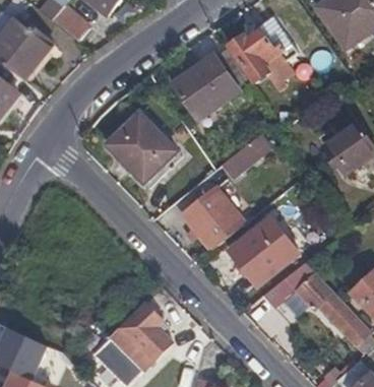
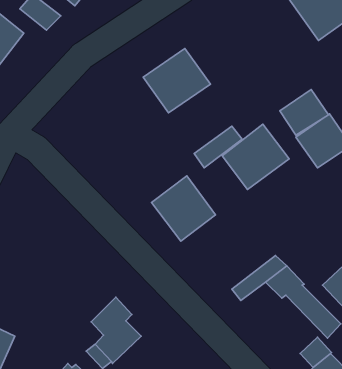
building: [231,16,299,83] -> none
building: [105,112,174,182] -> none
building: [229,220,296,285] -> [222,124,289,190]

